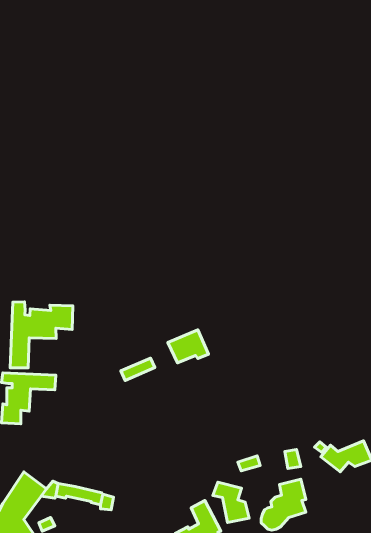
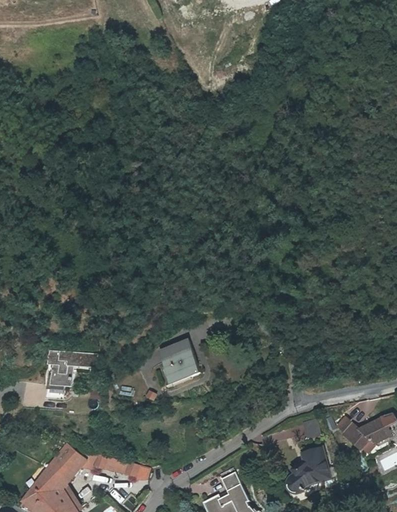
building: [10,302,73,368] -> none
building: [168,330,208,363] -> [159,347,197,378]
building: [213,482,249,522] -> none

